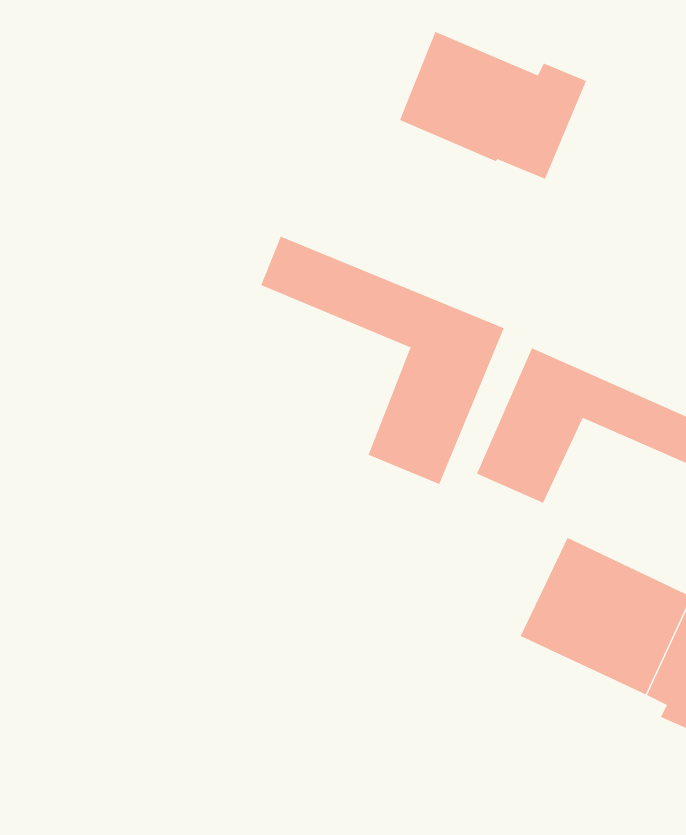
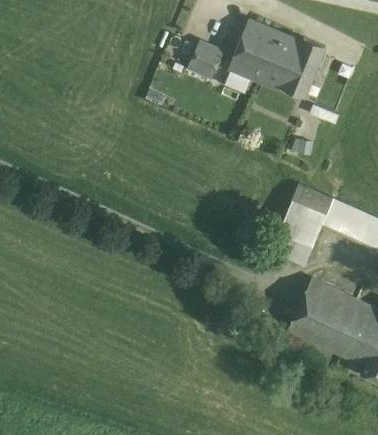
building: none -> [186,42,222,77]
building: [260,236,505,485] -> none

